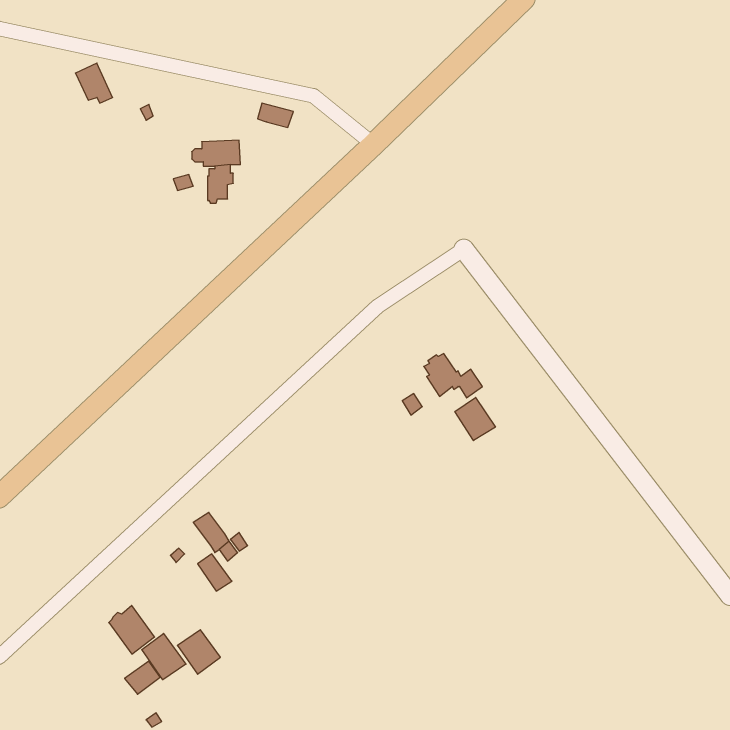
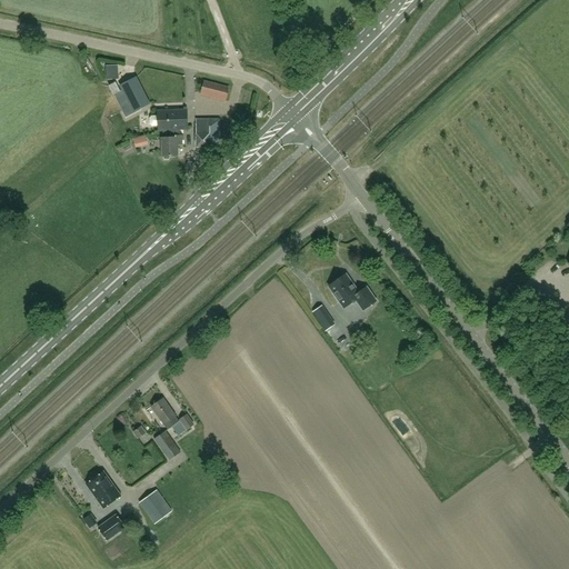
building: [75,63,113,103] -> [119,77,148,108]
building: none -> [196,118,219,147]
building: [455,397,495,441] -> none
building: [142,633,186,680] -> none

